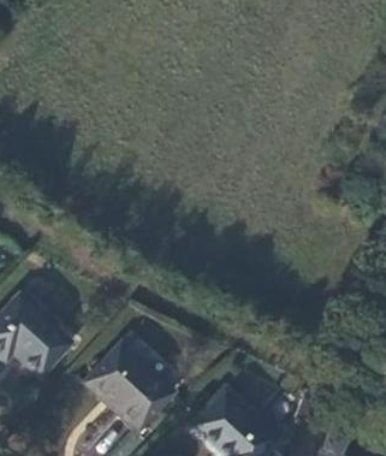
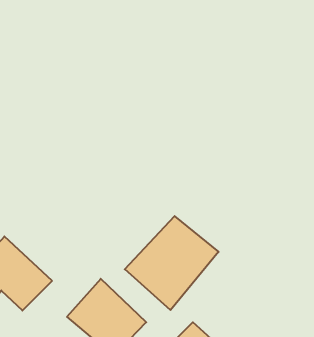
building: none -> [125,216,219,310]

